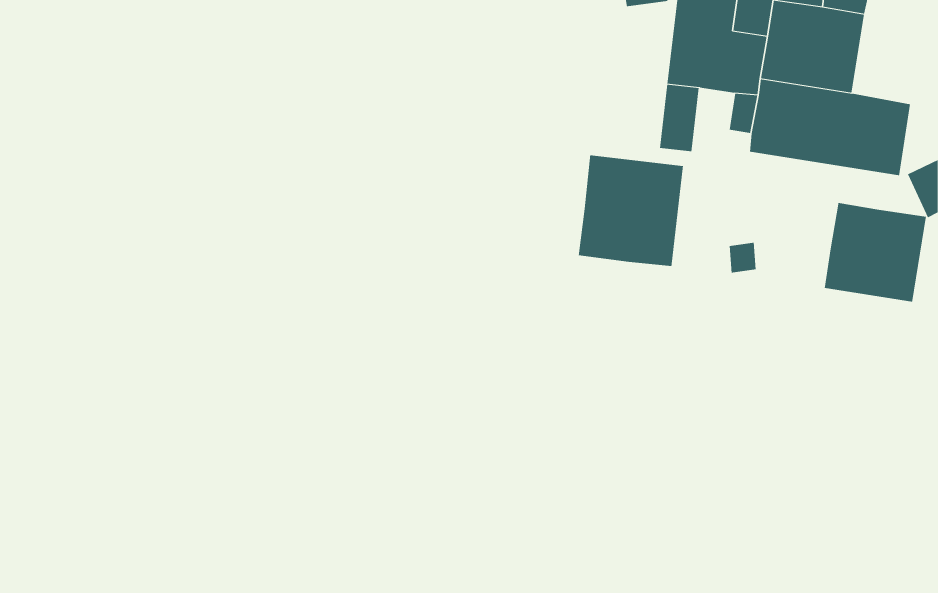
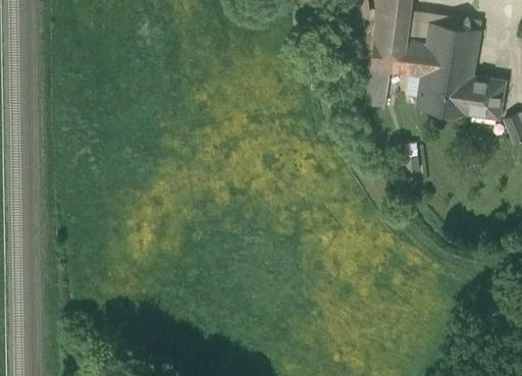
building: [578,154,683,267] -> none
building: [824,202,926,303] -> none

